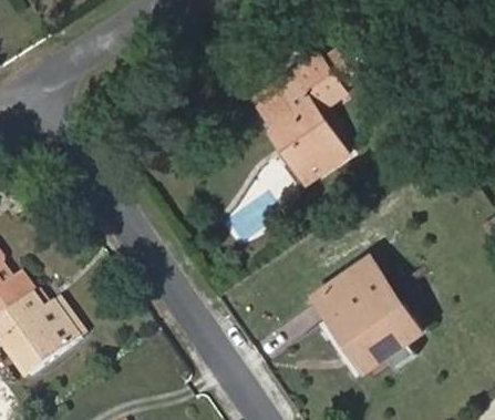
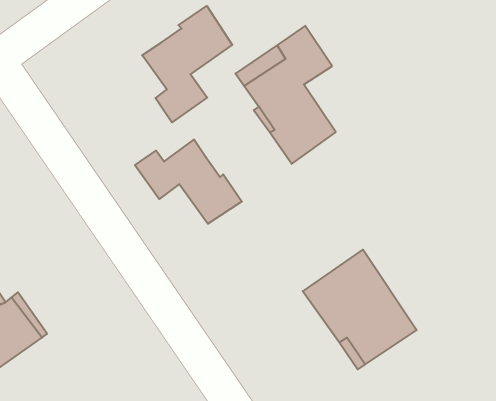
building: none -> [142,6,232,122]
building: none -> [135,139,242,224]

